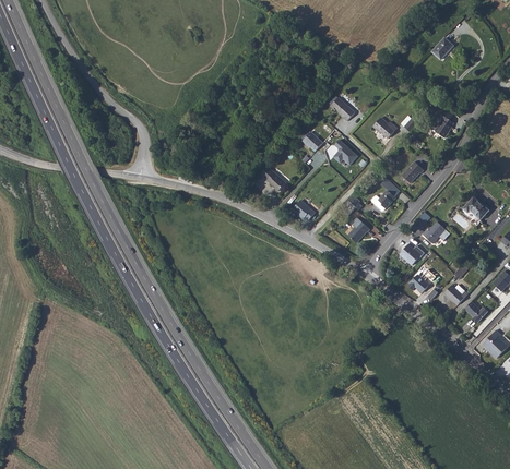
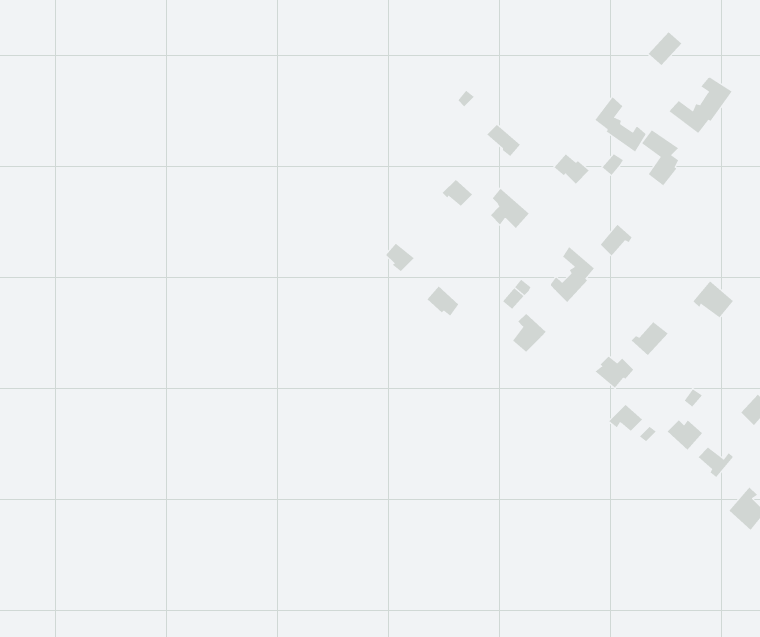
building: none -> [668,77,732,134]
building: none -> [595,96,646,153]

